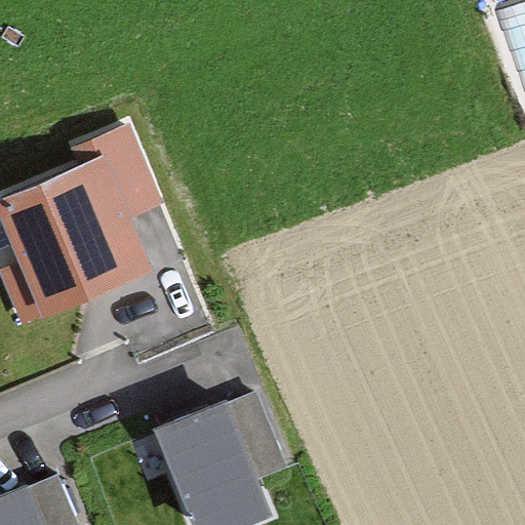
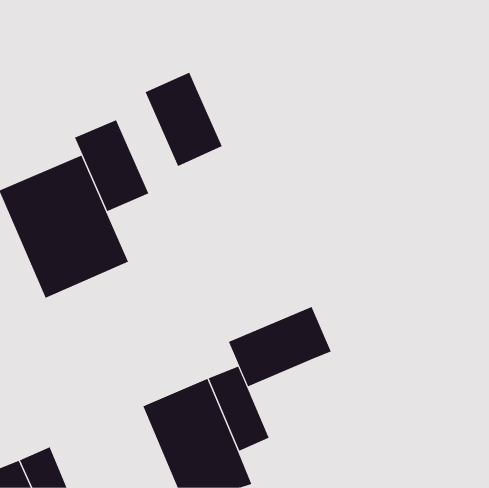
building: none -> [145,72,222,167]
building: none -> [228,306,332,387]

